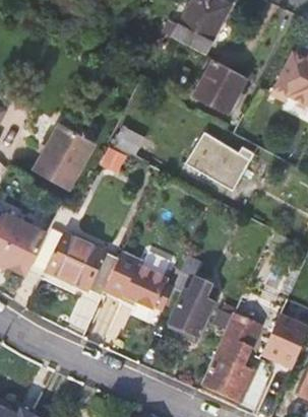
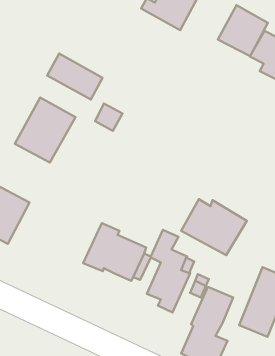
building: [193,58,245,111] -> [218,5,268,56]
building: none -> [47,54,103,100]
building: [184,131,252,189] -> [181,199,247,255]
building: [45,233,118,296] -> none

